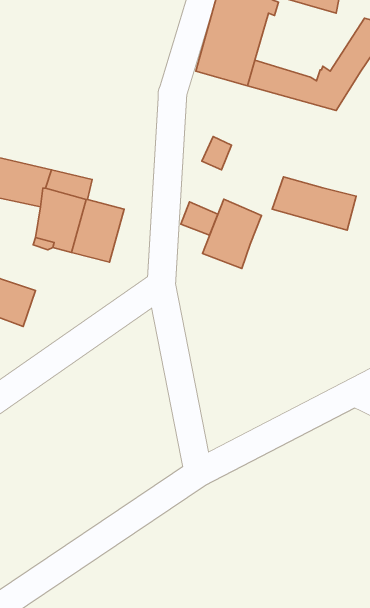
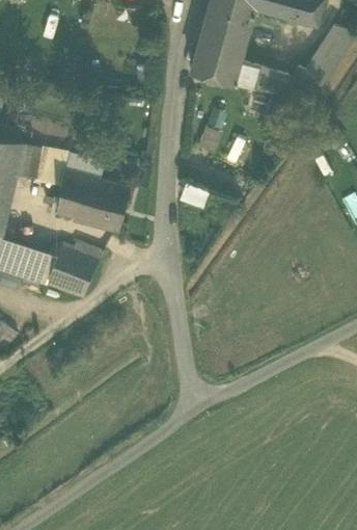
building: [272,177,356,230] -> none
building: [203,199,261,269] -> none
building: none -> [46,241,103,298]

